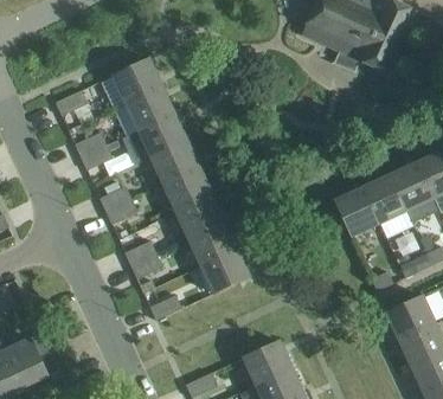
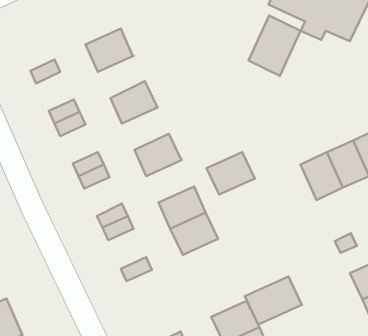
building: none -> [248,15,301,76]
building: [126,88,174,131] -> none
building: [150,141,199,185] -> none
building: [175,195,225,239] -> [207,152,255,194]
building: none -> [245,276,302,325]

